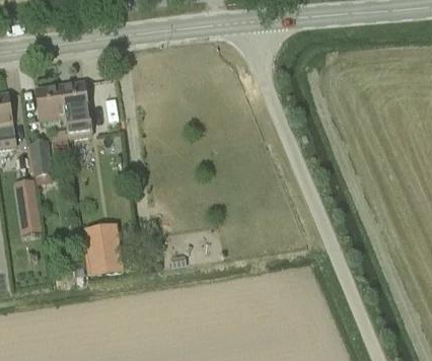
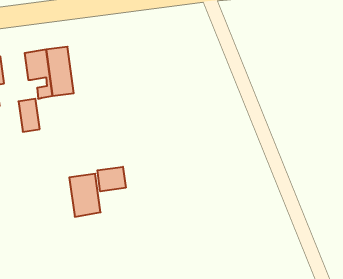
building: [14,179,40,221] -> none
building: none -> [97,167,126,191]

